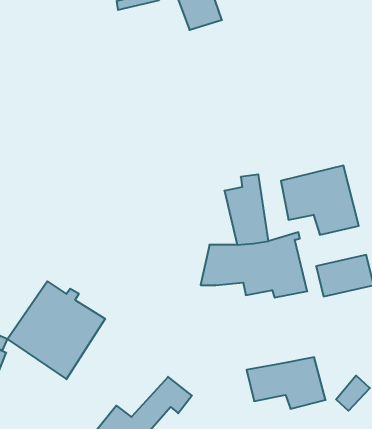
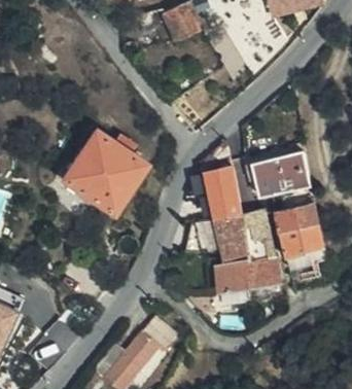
building: none -> [271,202,319,236]
building: [7,281,105,379] -> [62,133,142,213]
building: [247,357,326,409] -> [215,255,280,297]

